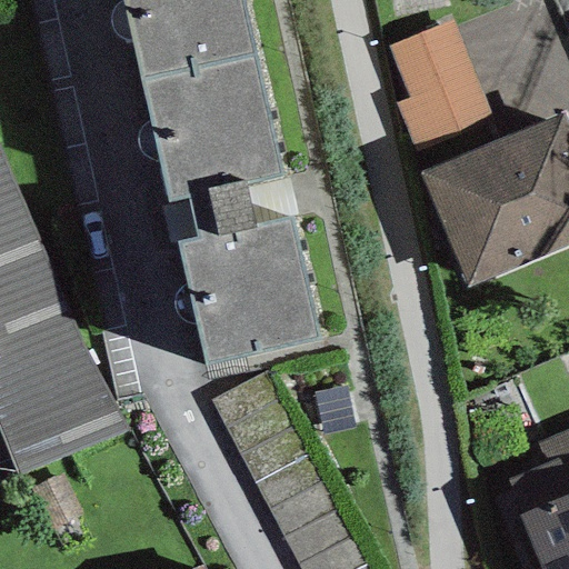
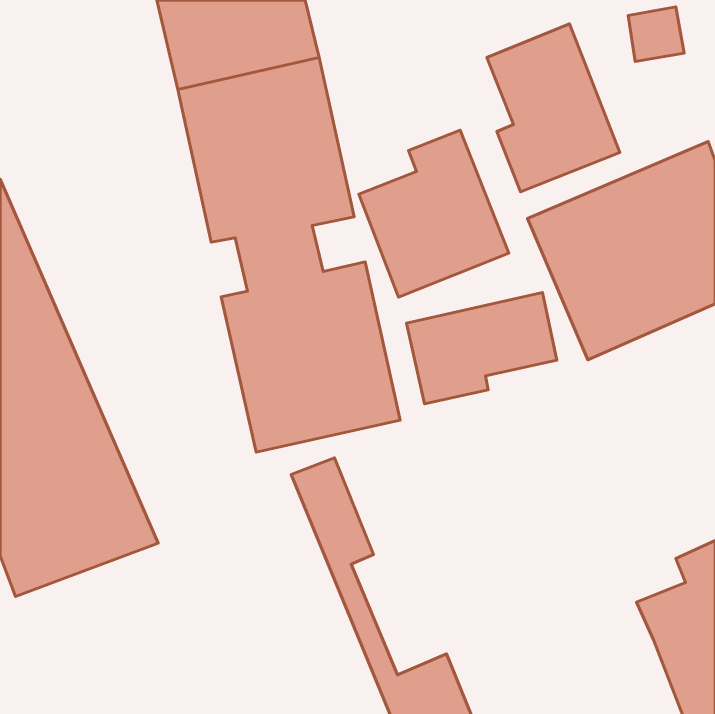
building: none -> [359,130,509,297]
building: none -> [407,293,557,404]

